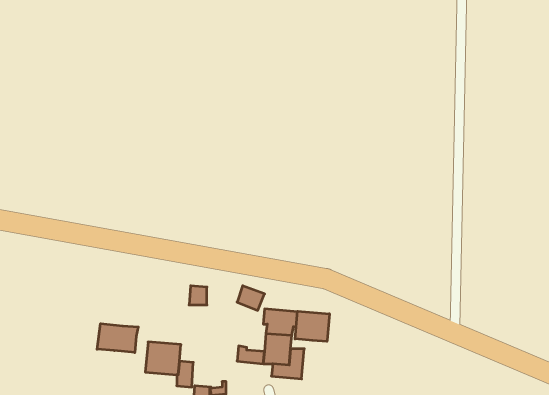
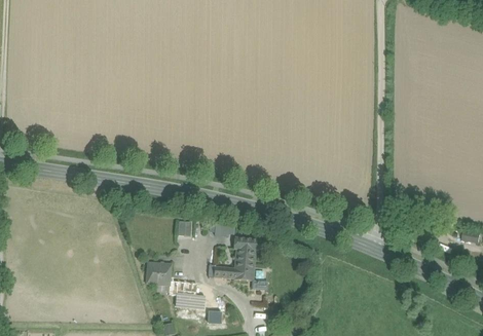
building: [295,311,329,341] -> none
building: [97,324,138,353] -> none

